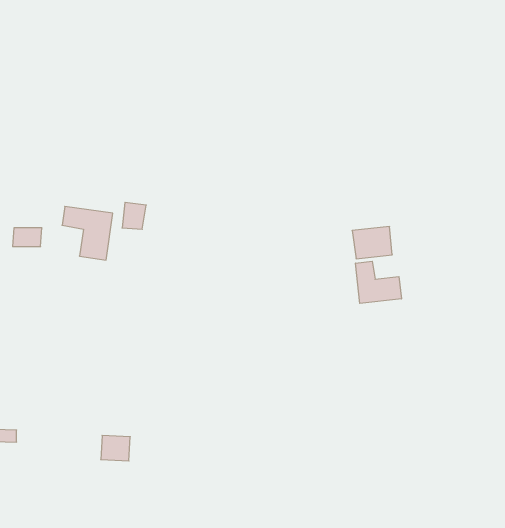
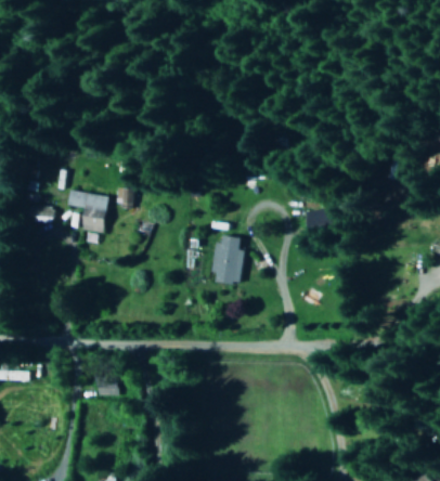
building: [356,261,401,303] -> none
building: none -> [209,234,246,284]

